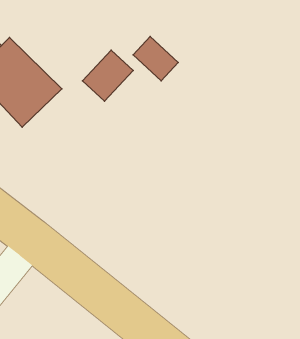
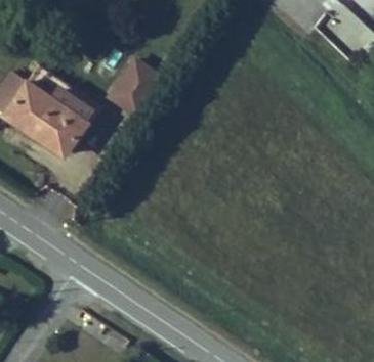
building: [133,36,178,81] -> none

